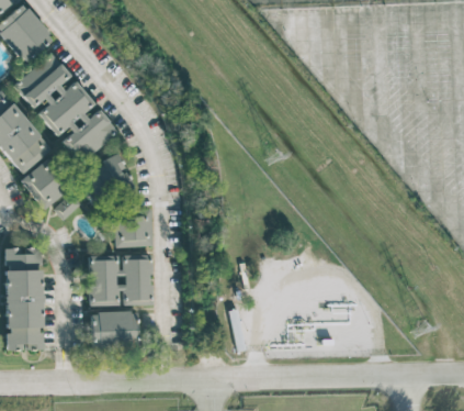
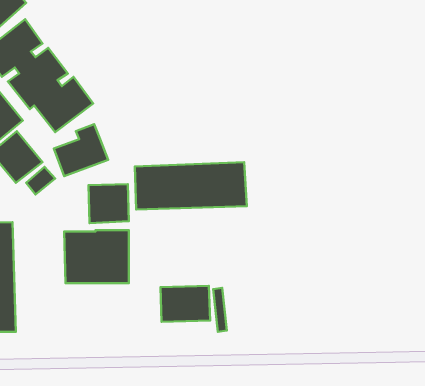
building: none -> [135,162,247,209]
building: [91,310,138,344] -> [160,286,210,322]

